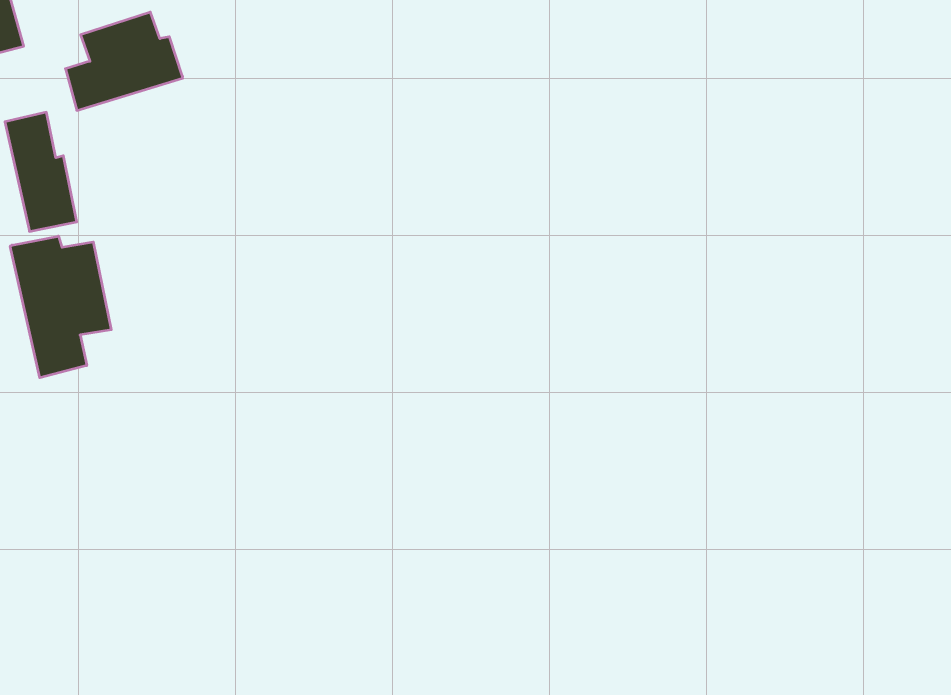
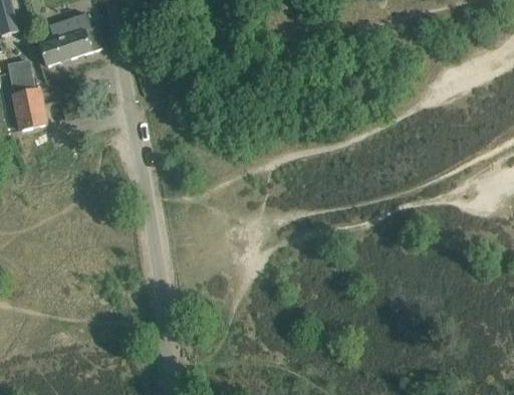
building: [10,236,111,378] -> none

